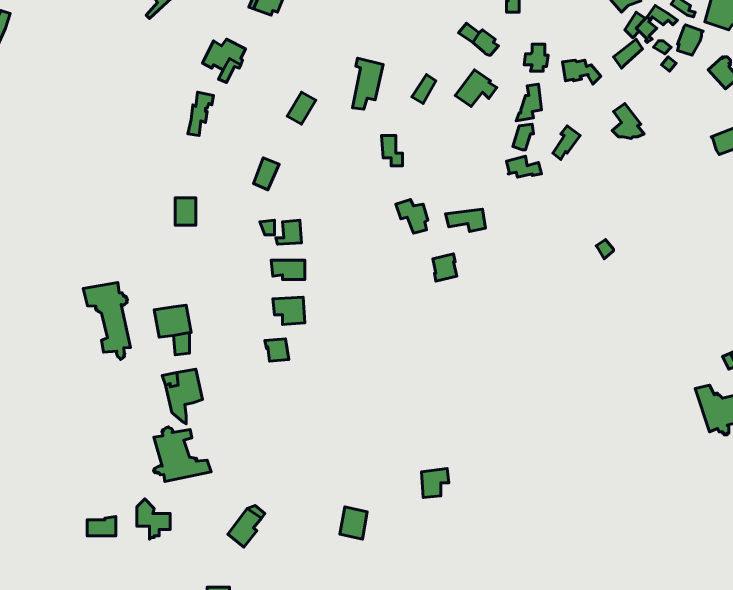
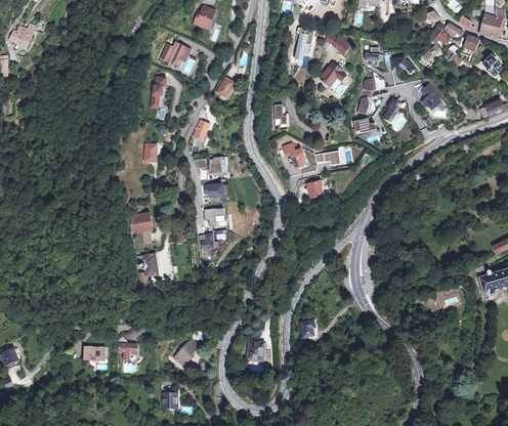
building: [353,58,383,109] -> [297,28,316,60]
building: [83,282,130,360] -> none
building: [153,427,211,481] -> none

